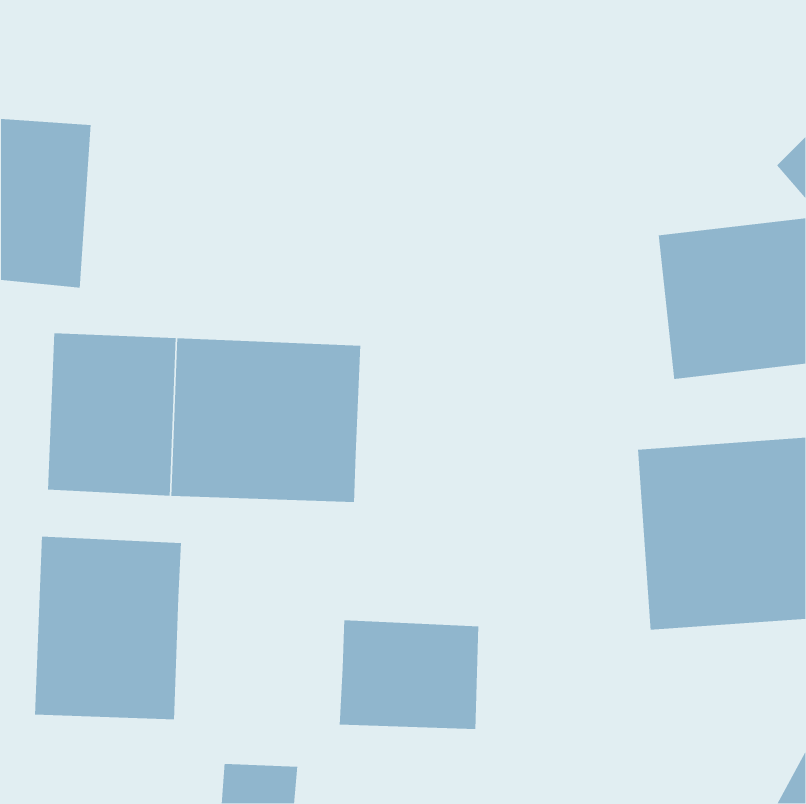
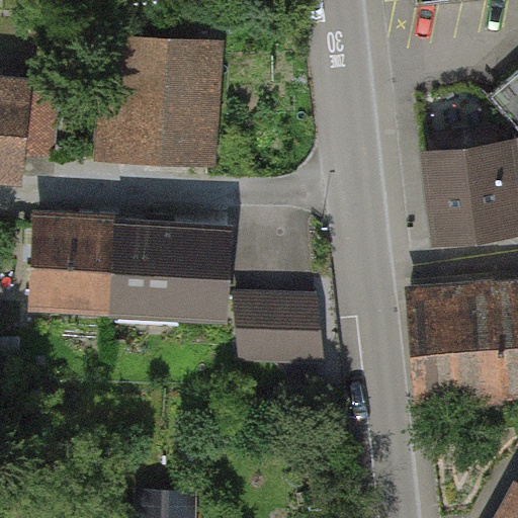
building: none -> [96,34,224,169]
building: [34,536,182,720] -> none
building: [339,619,479,730] -> [226,291,316,362]

